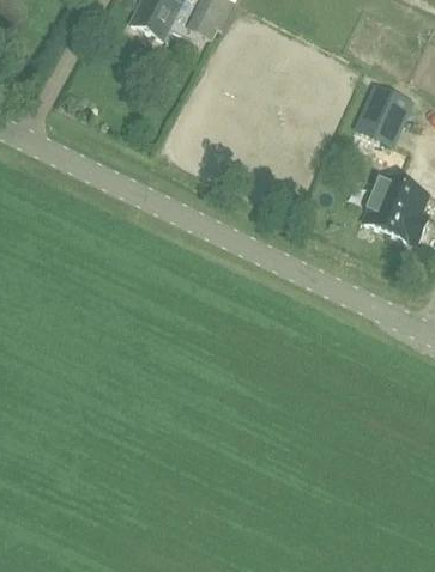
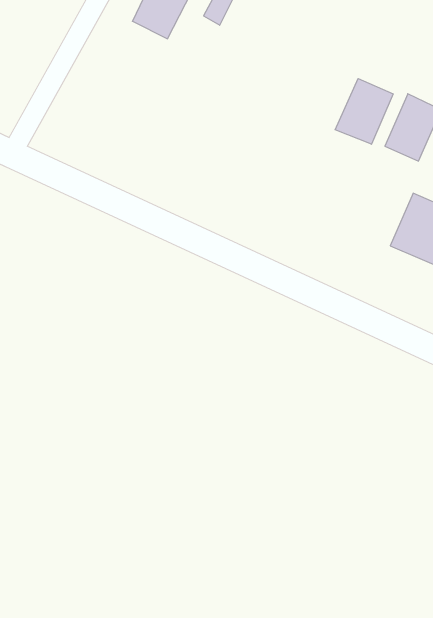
building: none -> [335,79,393,144]

